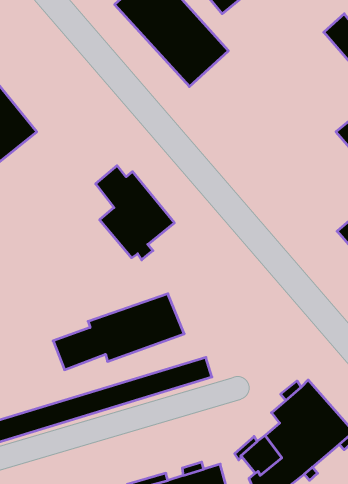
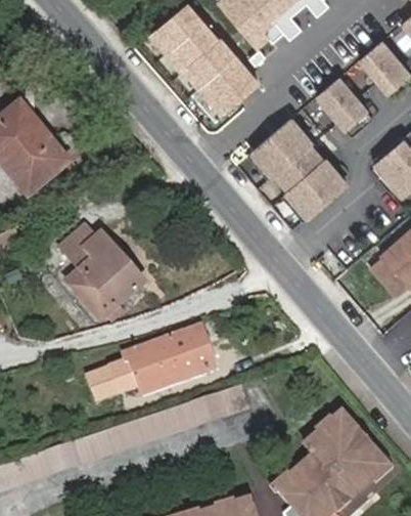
building: none -> [314,82,369,140]
building: none -> [248,122,344,220]
building: [96,166,174,260] -> [64,225,143,319]

